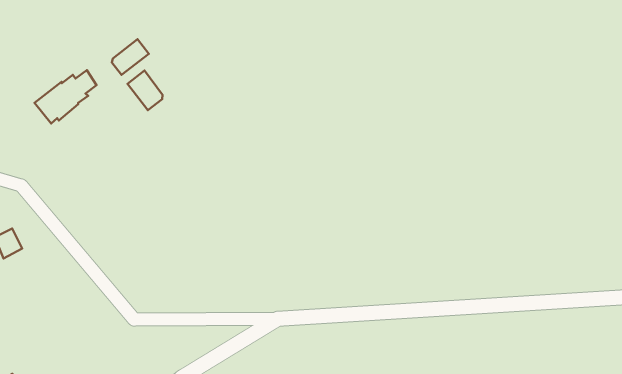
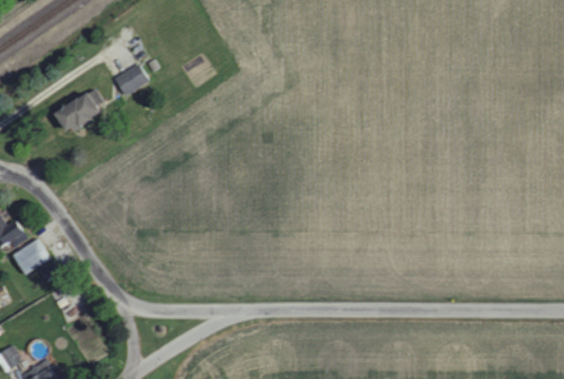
building: [128,71,163,110] -> none
building: none -> [14,240,52,276]

